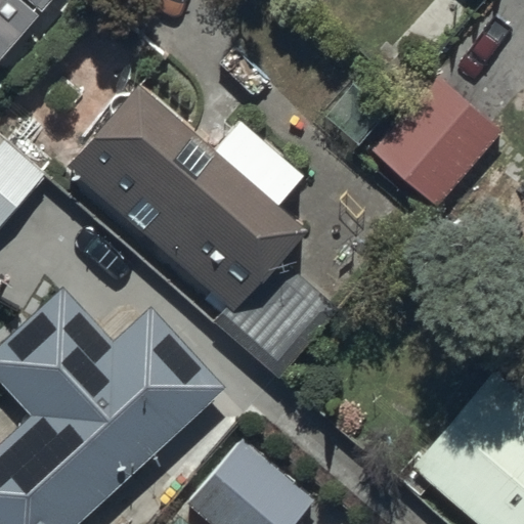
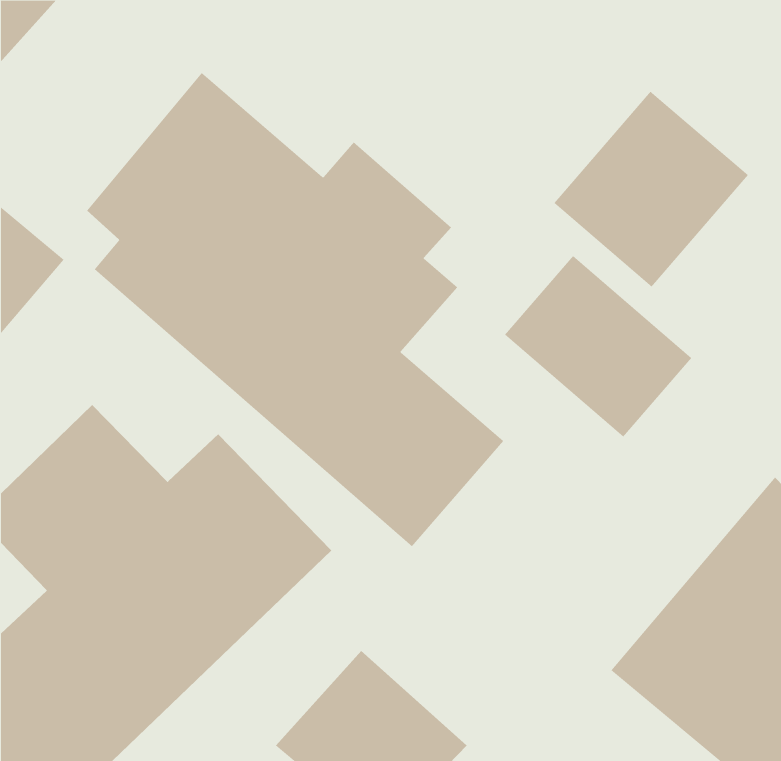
building: none -> [504,255,692,437]

